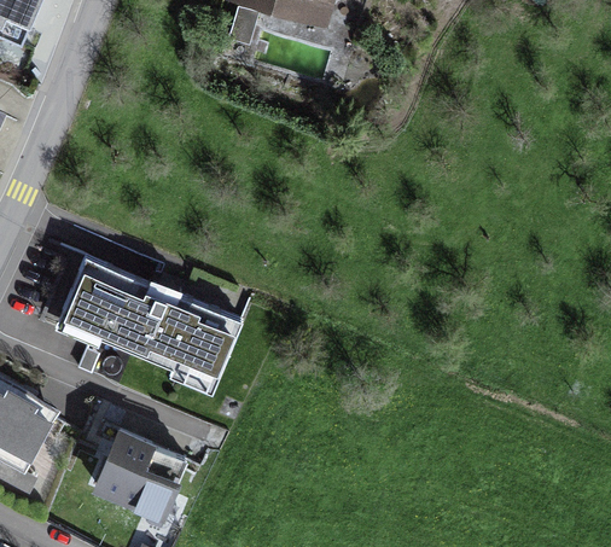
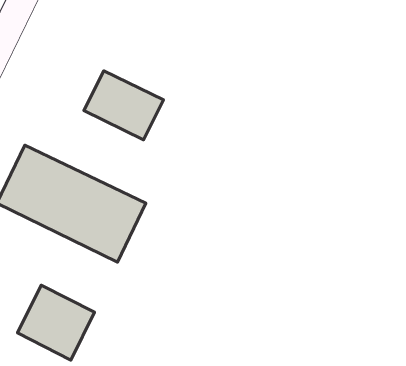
building: none -> [84,71,163,140]

